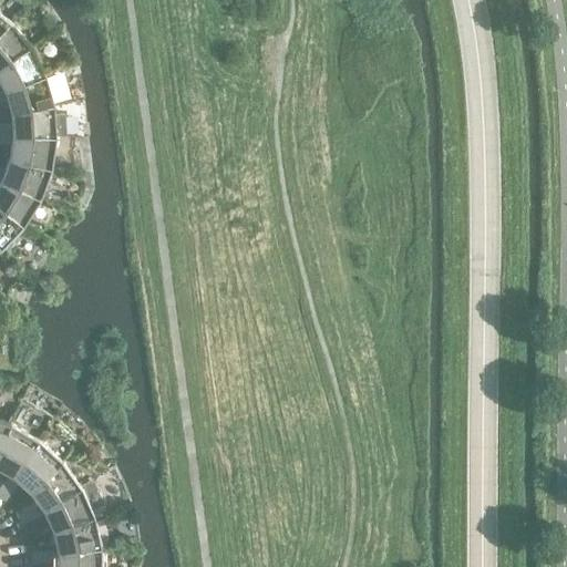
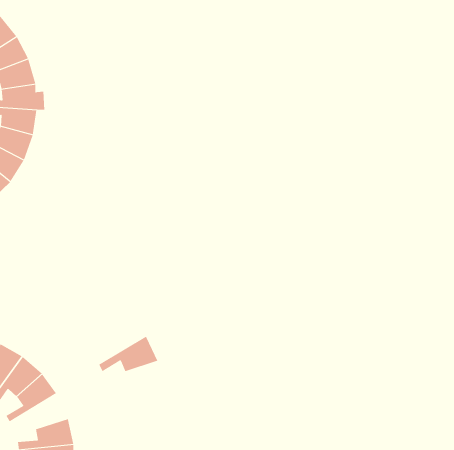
building: [11,496,84,540] -> [99,336,158,372]

